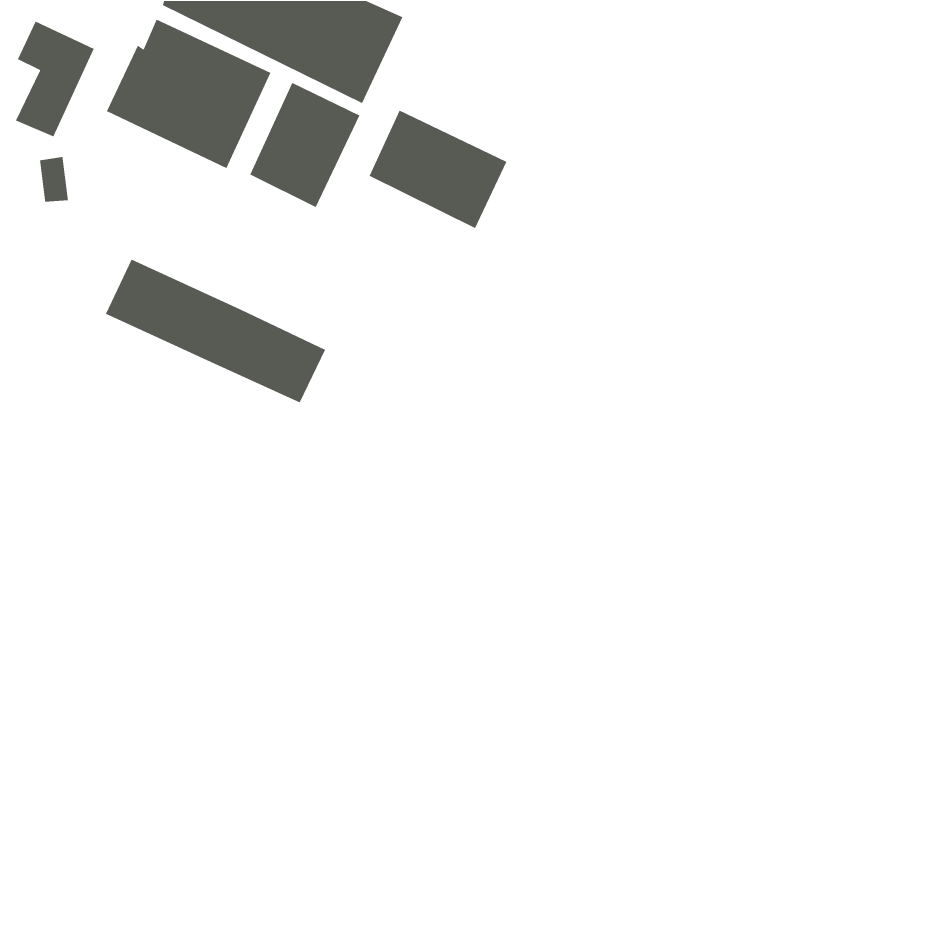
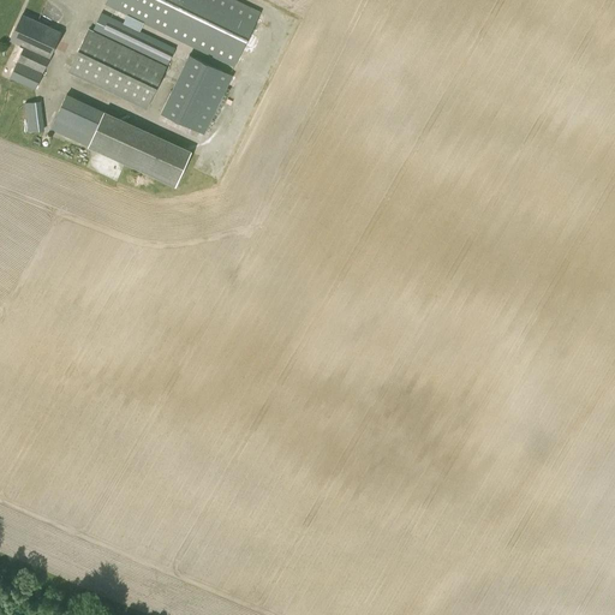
building: [369,109,507,229] -> none
building: [105,259,326,404] -> [49,92,192,186]

